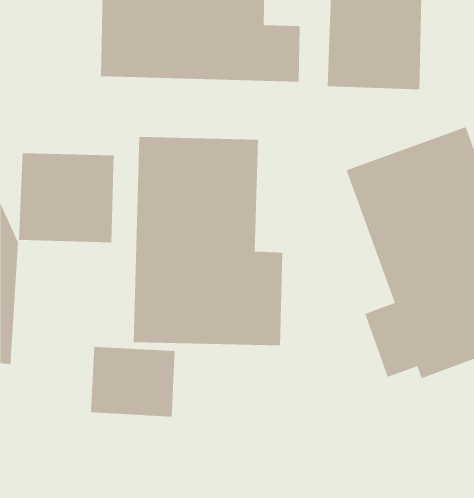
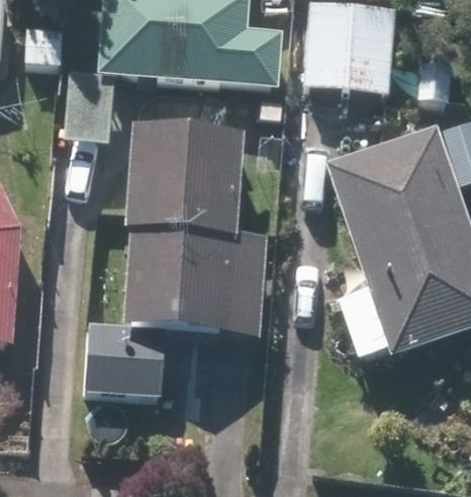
building: [18,153,114,243] -> none

